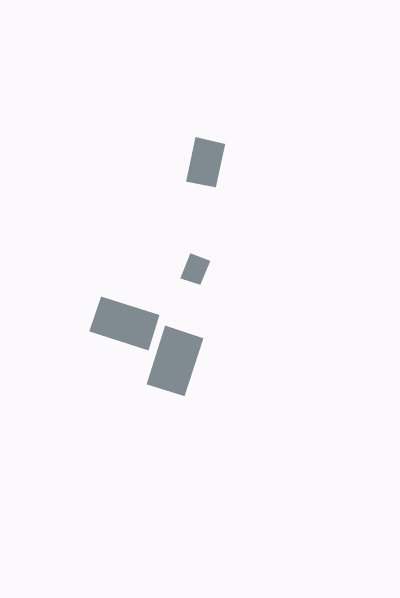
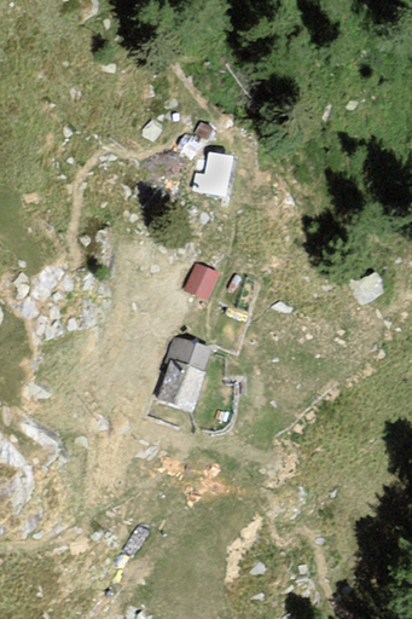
building: [88,296,160,352] -> none

